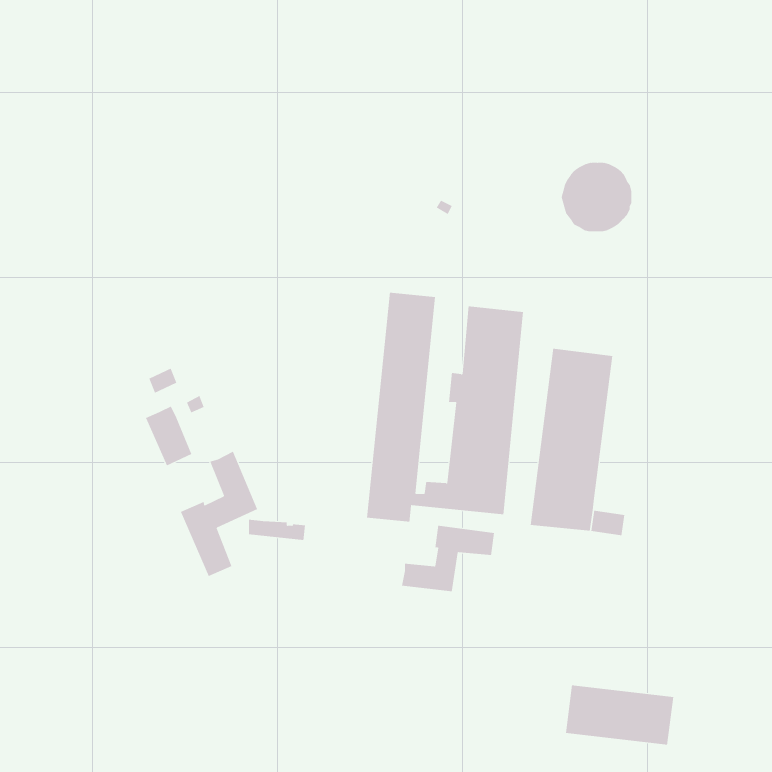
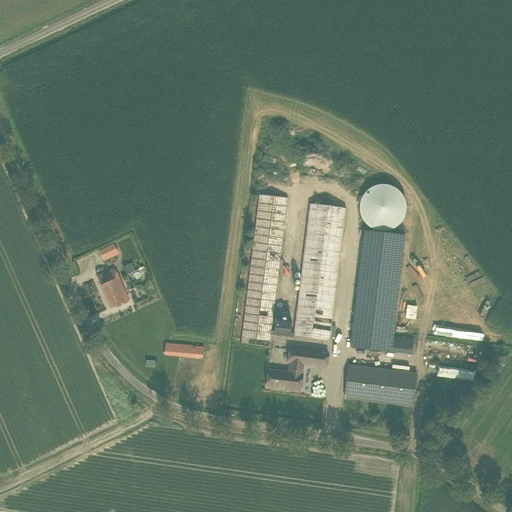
building: [561,162,632,232] -> [358,184,405,230]
building: [180,451,258,577] -> none
building: [565,685,674,745] -> [344,365,416,405]

